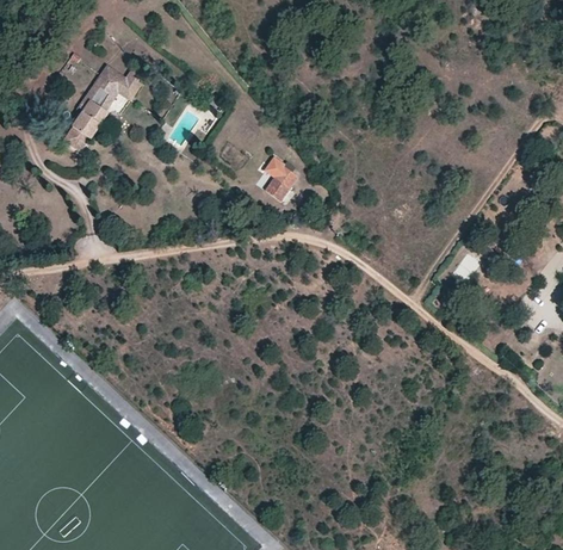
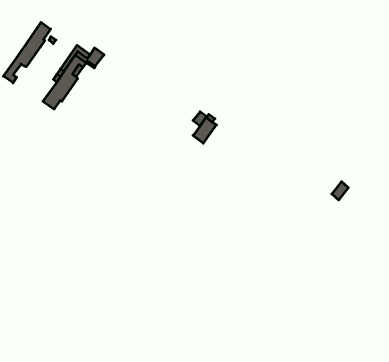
building: none -> [3,22,51,83]

